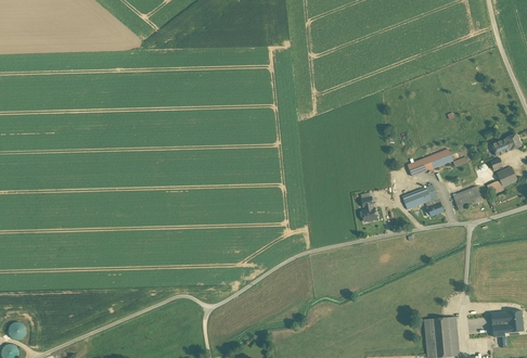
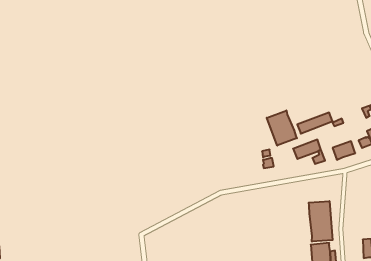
building: none -> [267,110,297,146]
building: none -> [309,201,333,242]

